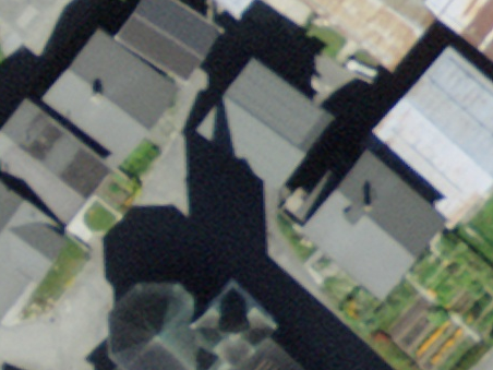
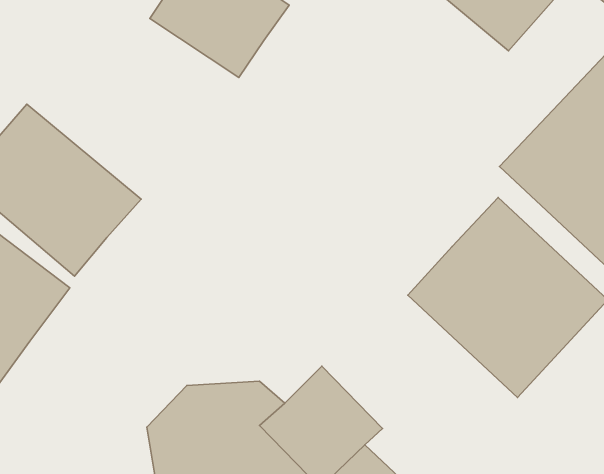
building: [50,26,172,144] -> none
building: [204,67,332,195] -> none

